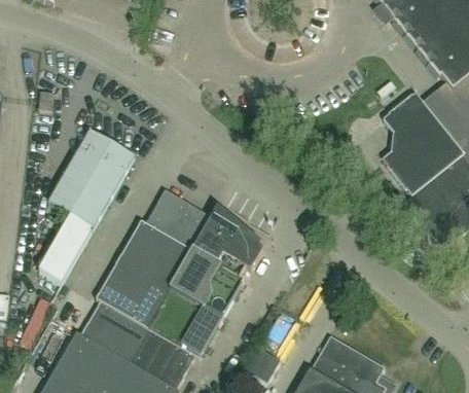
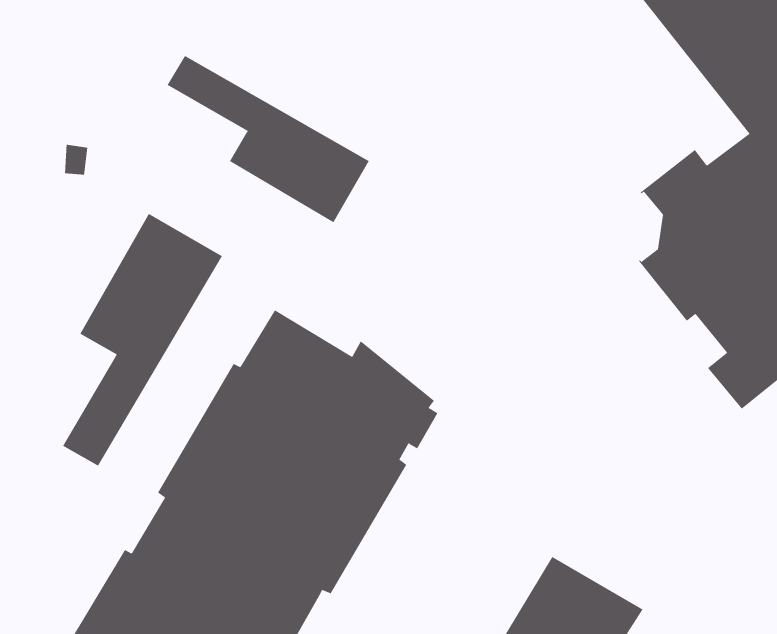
building: none -> [167,55,370,223]

